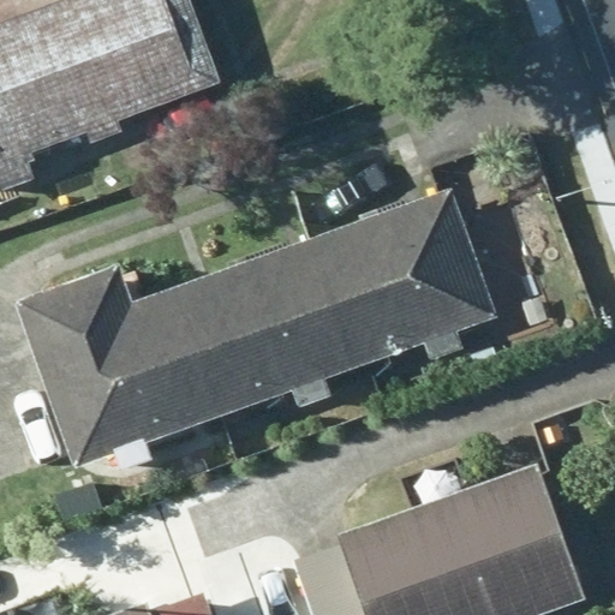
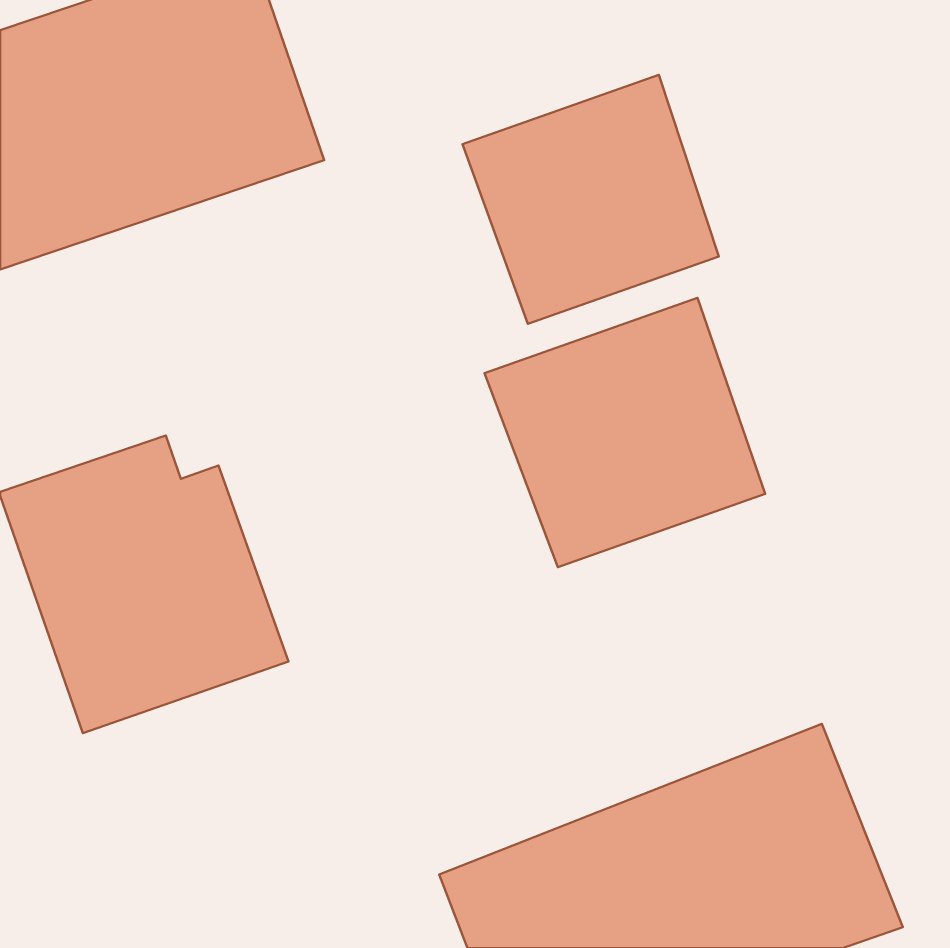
building: none -> [463,75,719,324]
building: [148,238,364,422] -> none

